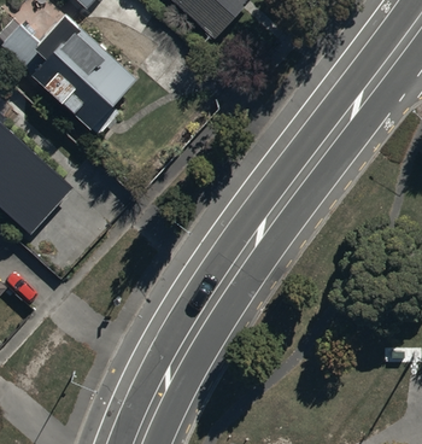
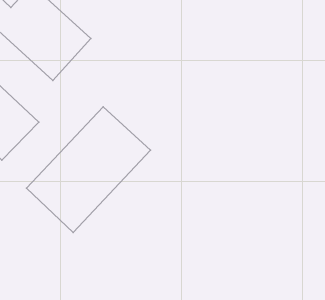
building: none -> [27,107,150,232]

